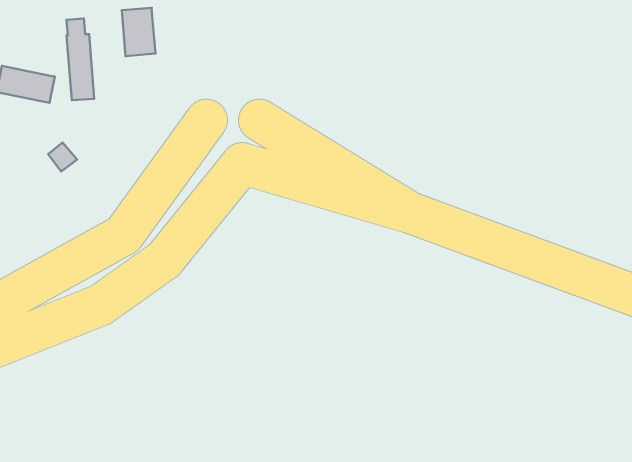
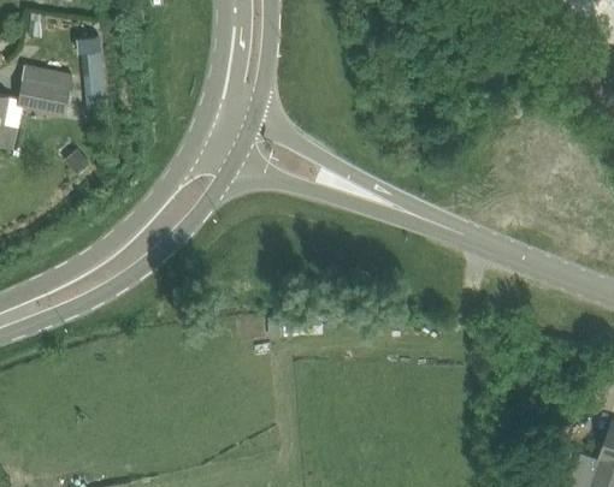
building: [122,8,155,56] -> none

